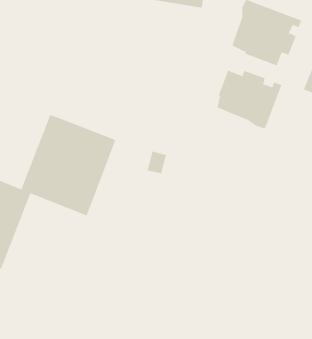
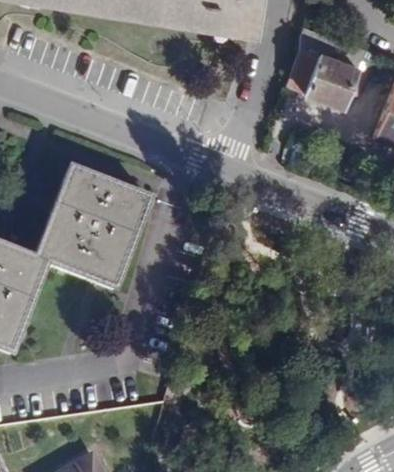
building: [217,70,282,129] -> none

